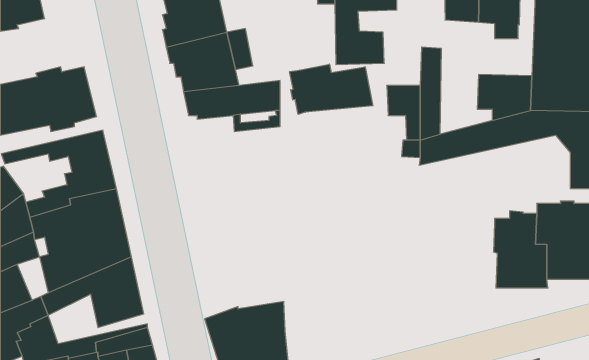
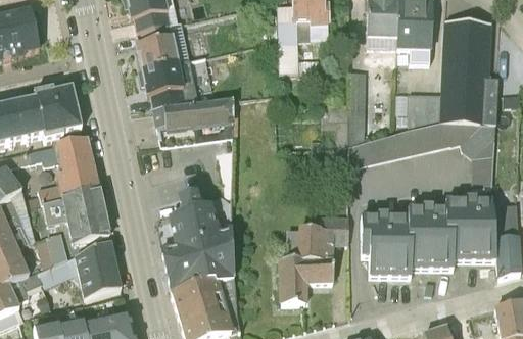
building: [290,64,373,114] -> none
building: none -> [162,192,236,293]
building: none -> [359,212,412,276]
building: none -> [277,214,347,303]

